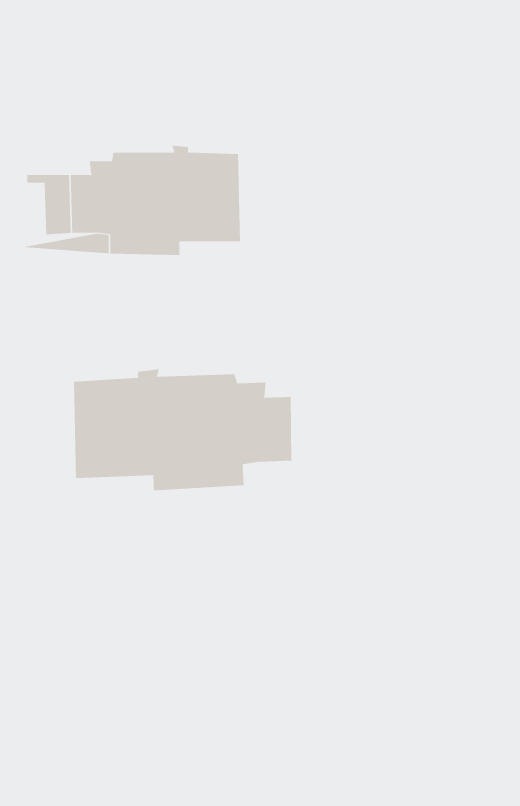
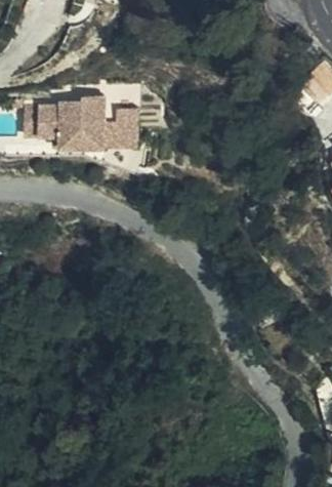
building: [74,369,292,491] -> none

